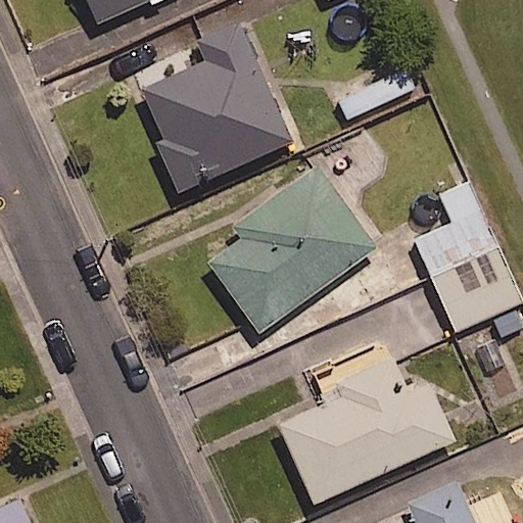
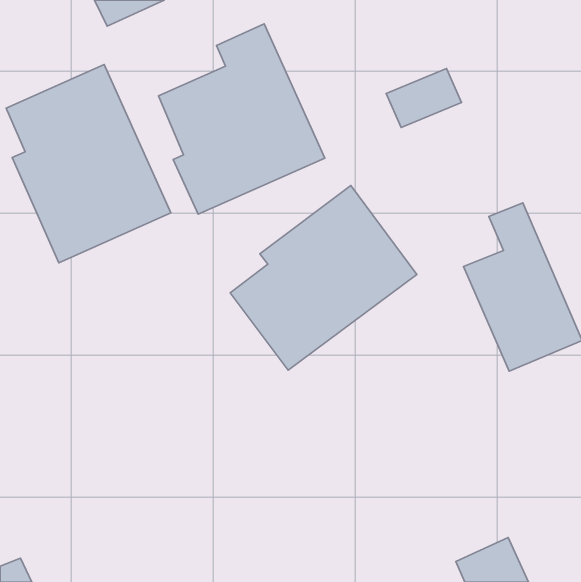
building: none -> [6,65,171,263]
building: [280,355,455,503] -> none

